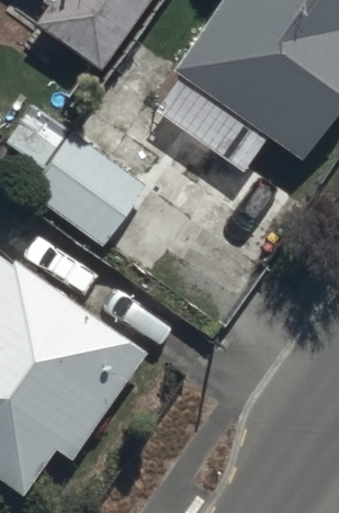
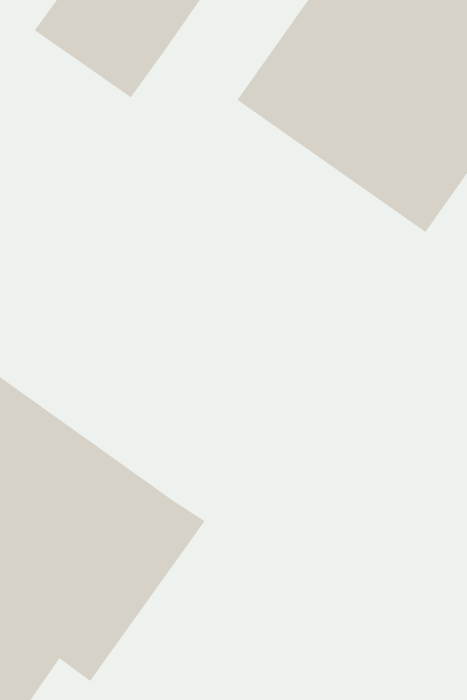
building: [24,126,148,245] -> none

